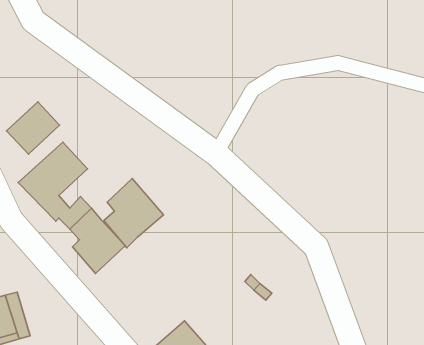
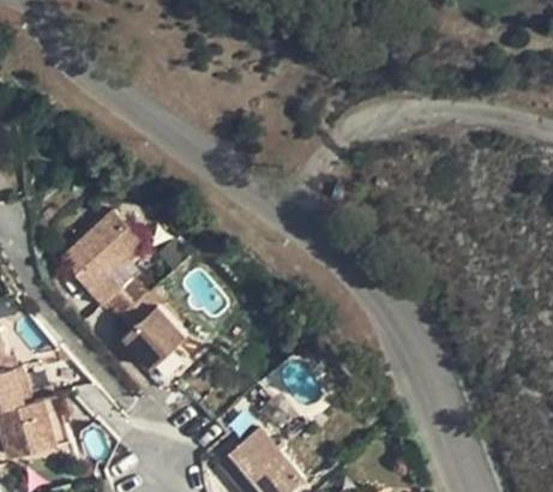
building: [6,102,59,154] -> none
building: [104,179,163,248] -> none

